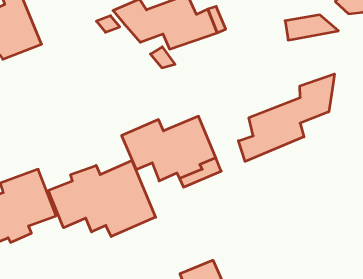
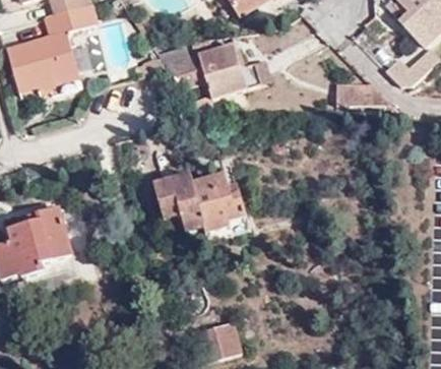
building: [238,74,334,161] -> none
building: [49,160,156,237] -> none

